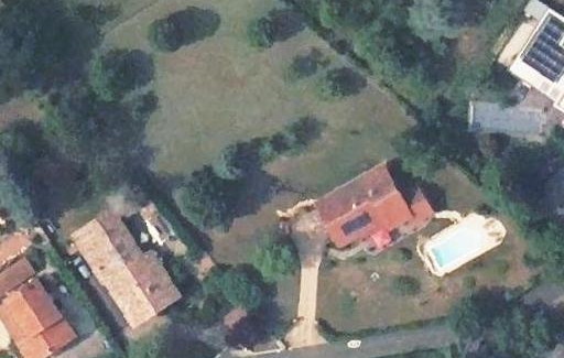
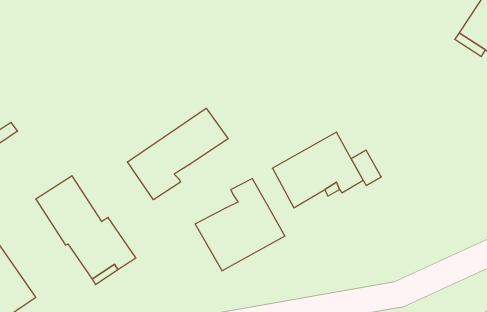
building: none -> [127,108,228,200]
building: none -> [195,179,285,271]

